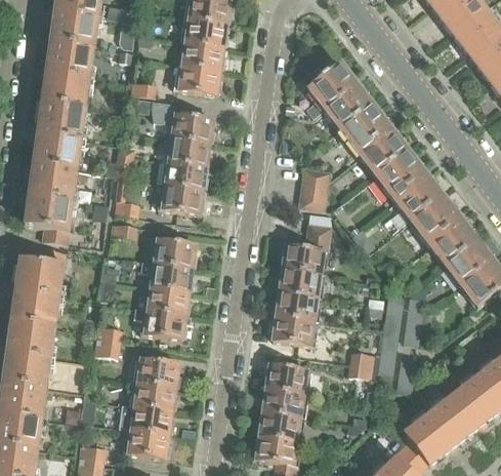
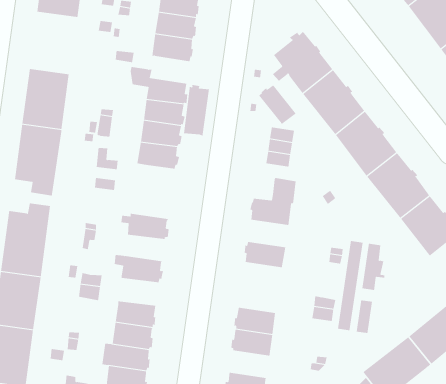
building: [41,42,94,110] -> none
building: none -> [184,84,210,136]
building: none -> [259,85,296,125]
building: [151,238,197,268] -> none
building: [278,269,324,299] -> none
building: [144,285,190,314] -> none
building: [270,315,317,346] -> none
building: [257,411,303,441] -> none

